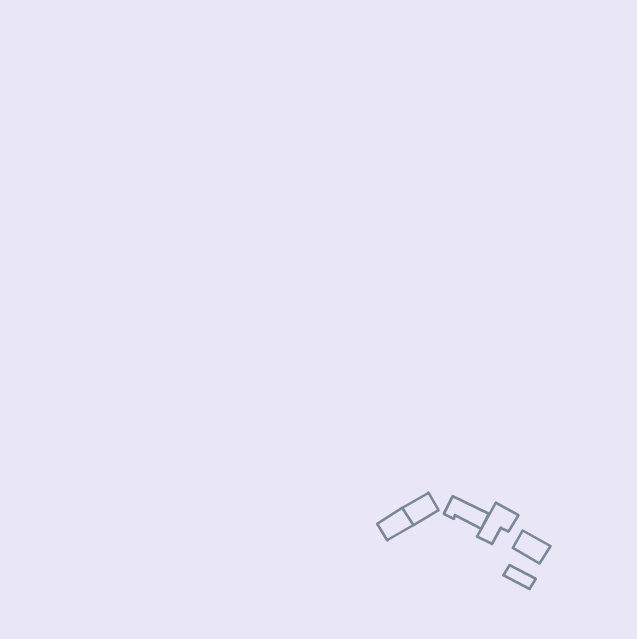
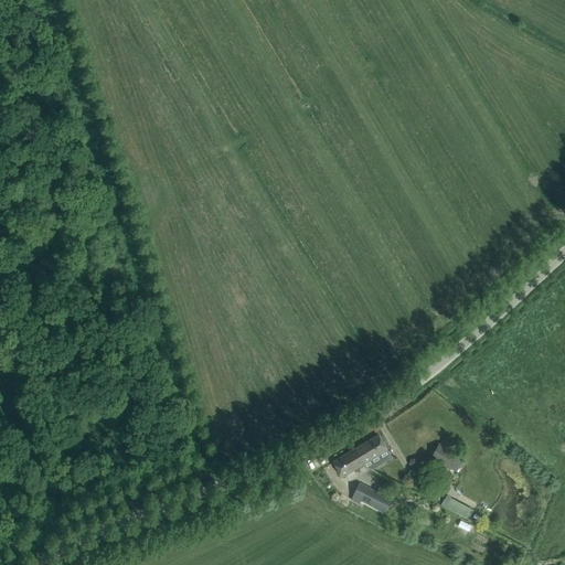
building: [444,496,489,529] -> [352,483,392,512]
building: [513,531,550,563] -> none

